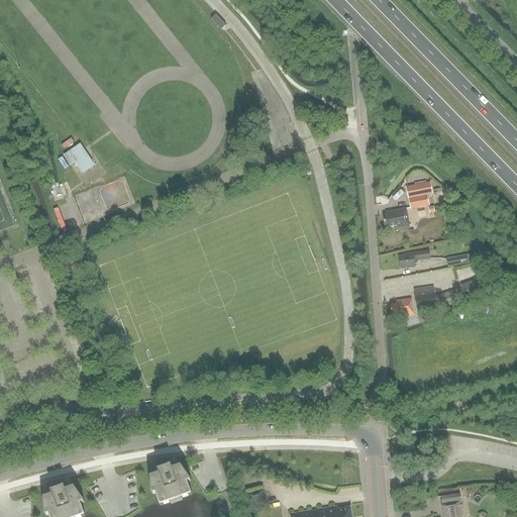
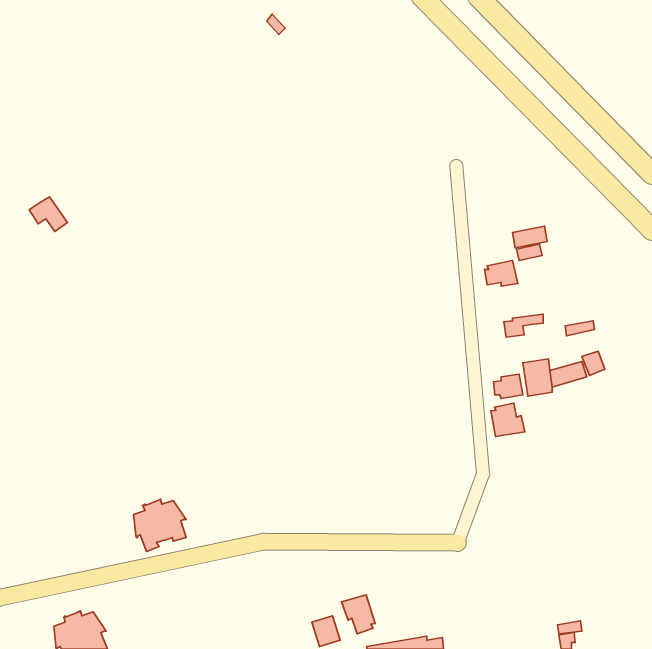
building: [63,142,93,170] -> [29,197,67,231]
building: none -> [491,403,525,436]
building: [149,461,191,503] -> [134,499,186,552]
building: none -> [342,595,375,634]

